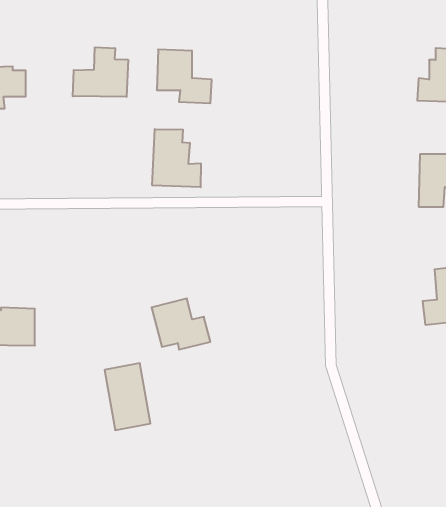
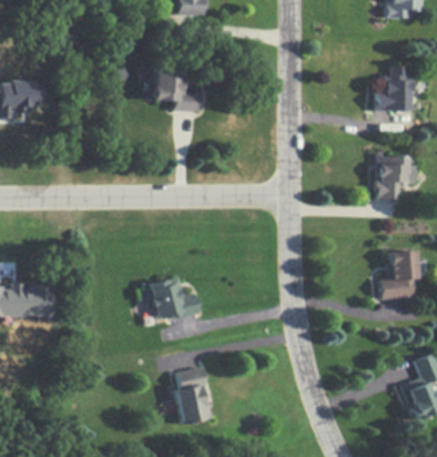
building: [73,47,128,97] -> none
building: [152,129,201,187] -> none
building: [105,363,150,430] -> [171,367,210,424]

